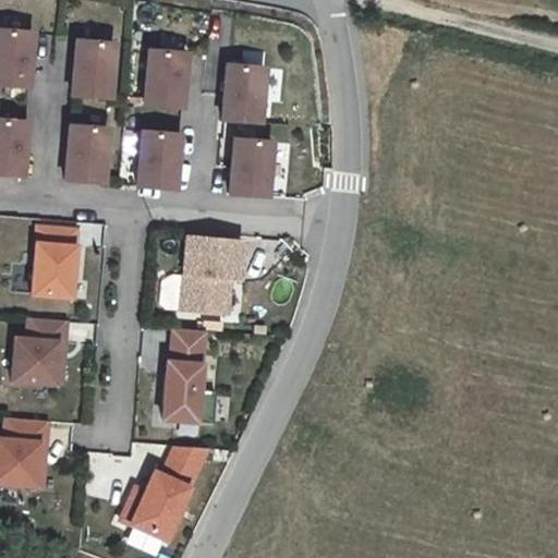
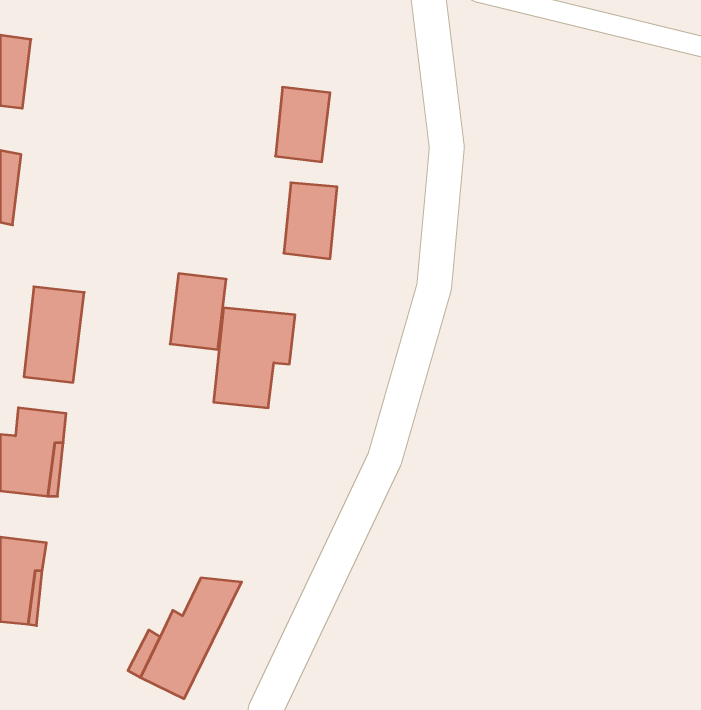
building: [74,39,118,97] -> none
building: [149,51,191,109] -> none
building: [66,124,110,182] -> none
building: [140,132,183,191] -> [170,274,226,350]
building: [160,329,213,423] -> none

